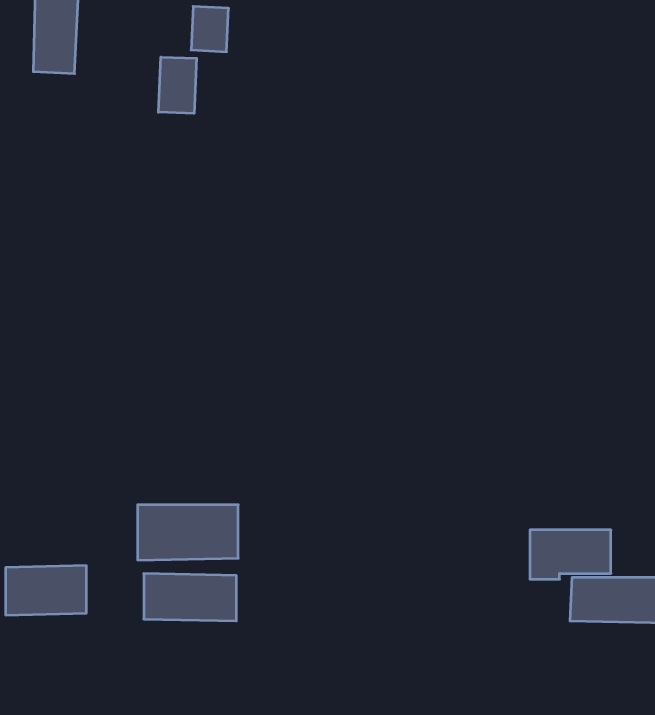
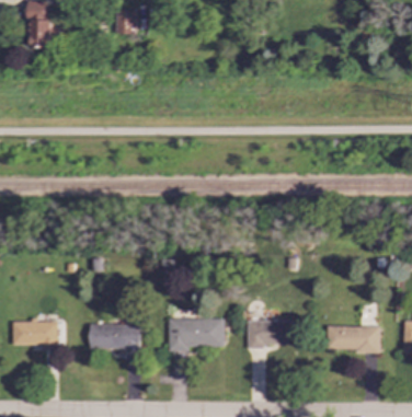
building: [158,57,197,113] -> none
building: [138,505,238,560] -> [168,318,224,349]
building: [530,530,611,579] -> [247,321,291,348]

